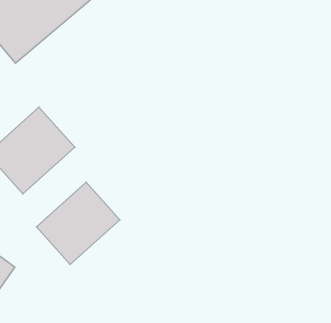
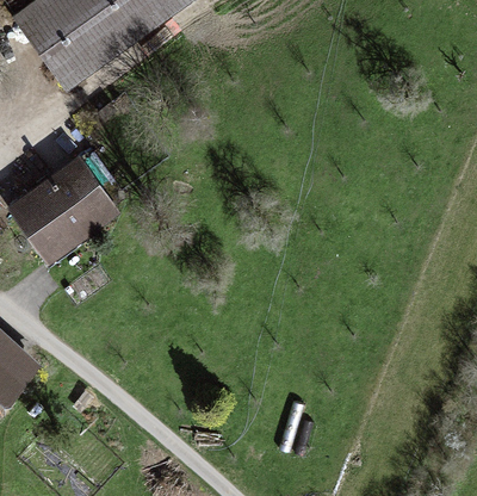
building: [37,182,120,264] -> none

